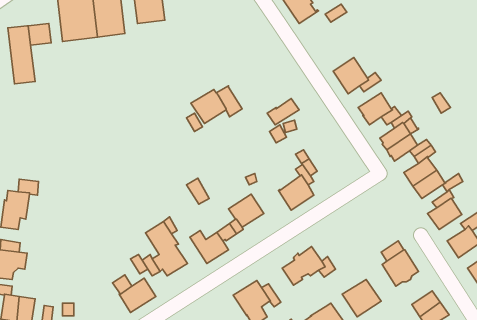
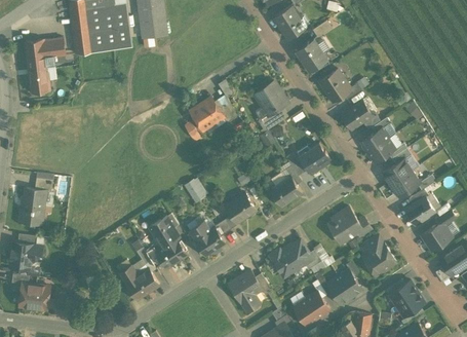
building: none -> [296,40,326,72]
building: none -> [254,82,286,116]
building: none -> [300,144,330,176]
building: none -> [327,208,371,245]

